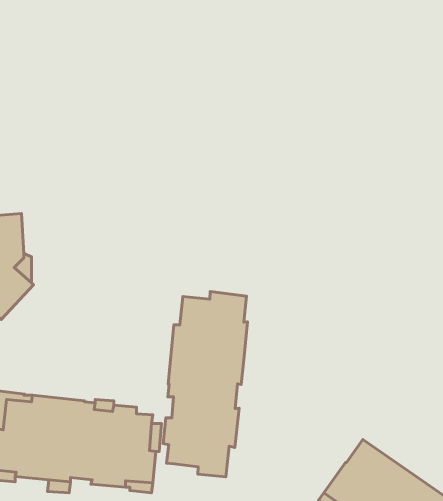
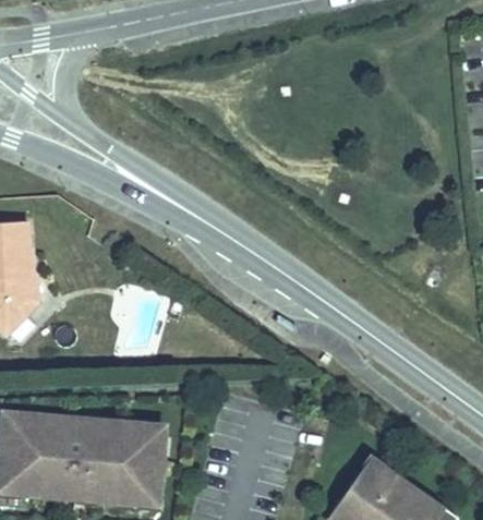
building: [163,292,248,477] -> none

